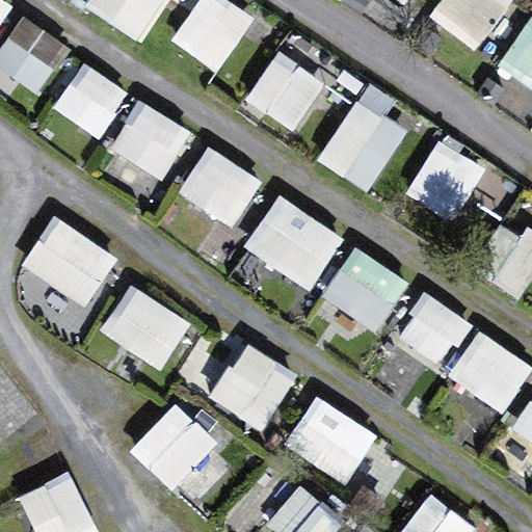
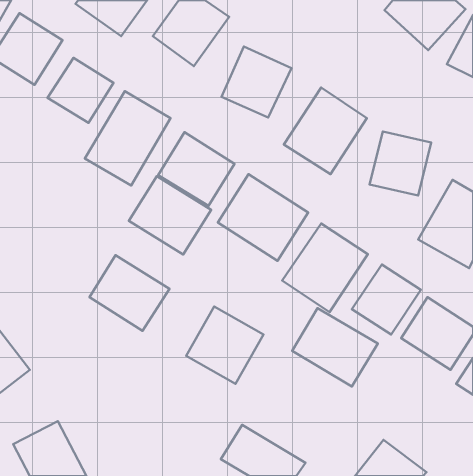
building: none -> [129,176,211,255]
building: [11,219,115,331] -> none
building: [287,396,382,483] -> [292,308,378,386]
building: [128,401,217,490] -> none

